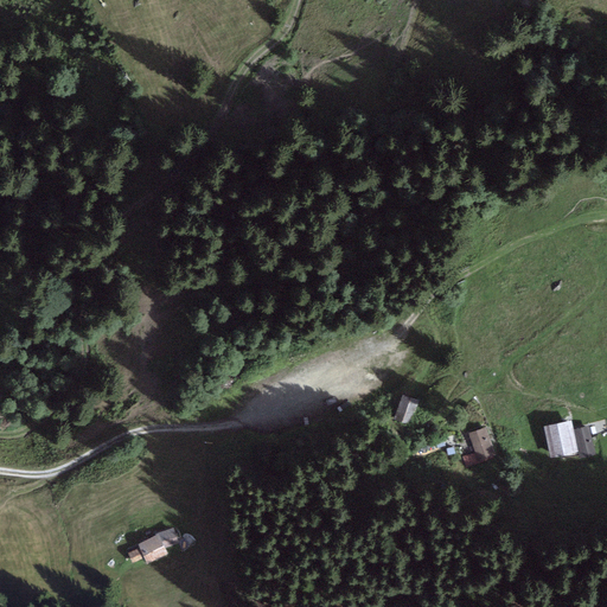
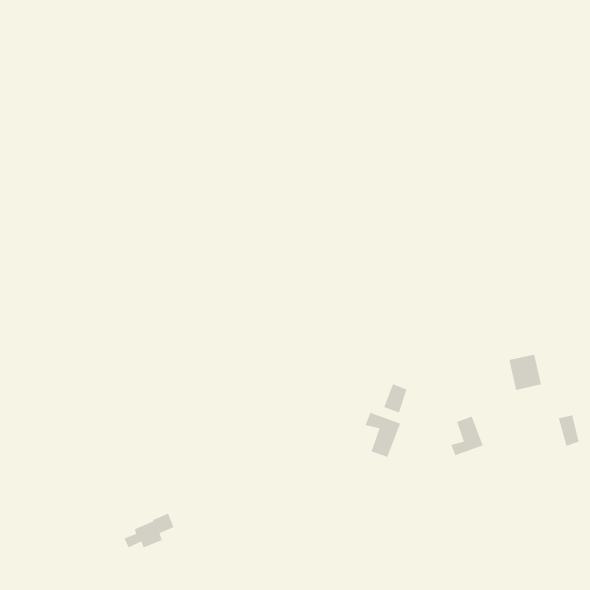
building: [543,420,577,458] -> [508,354,542,391]
building: none -> [365,412,401,458]

